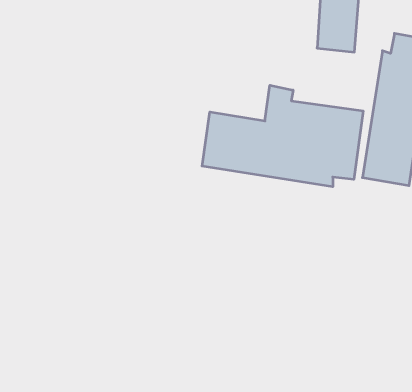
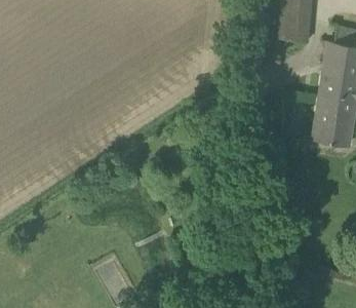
building: [202,85,363,187] -> none

